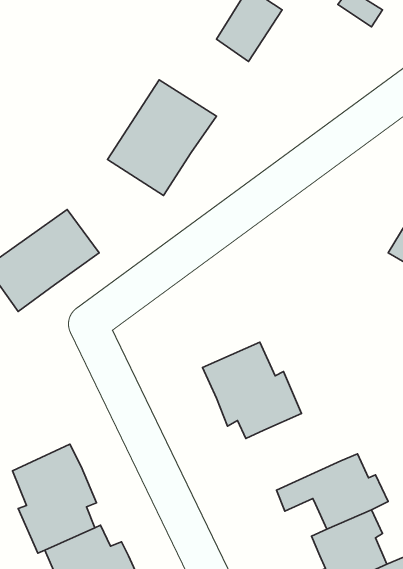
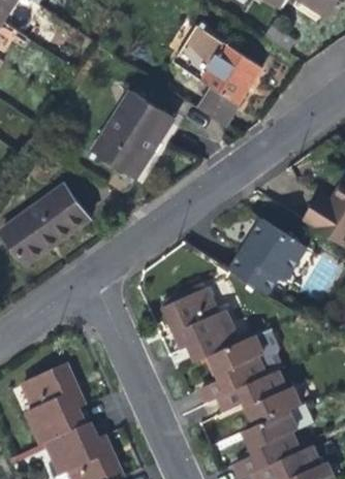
building: none -> [196,43,261,125]
building: none -> [227,217,303,292]
building: none -> [199,331,265,401]

